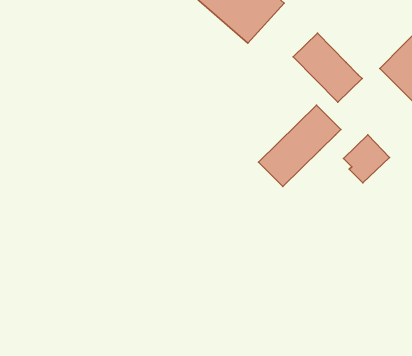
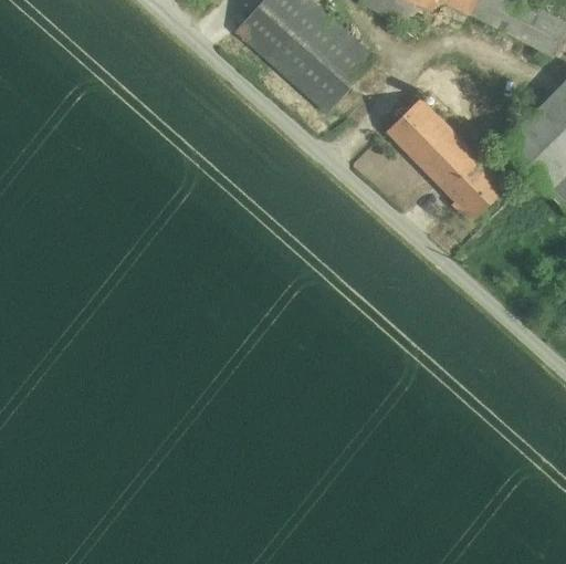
building: [258,105,341,187] -> none
building: [343,135,390,183] -> [446,157,506,220]

